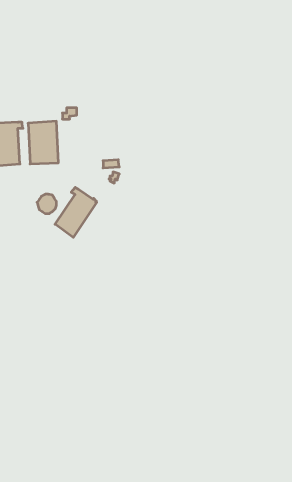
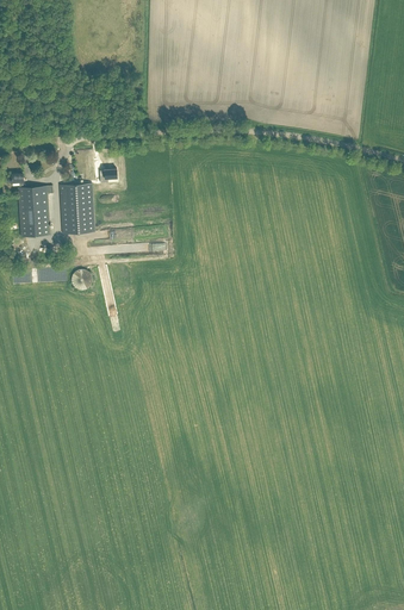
building: [55,187,97,237] -> none

